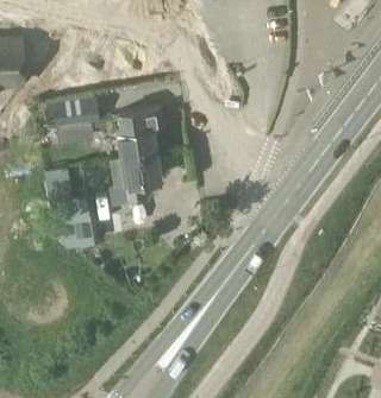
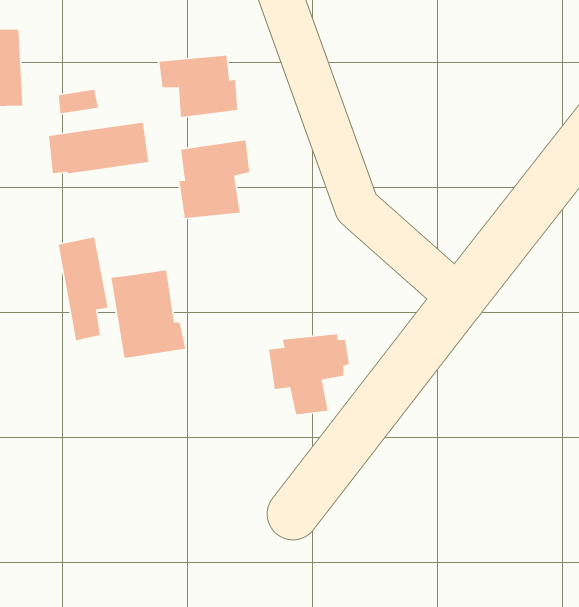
building: none -> [159,55,238,118]
building: [112,154,162,204] -> [268,333,350,415]

